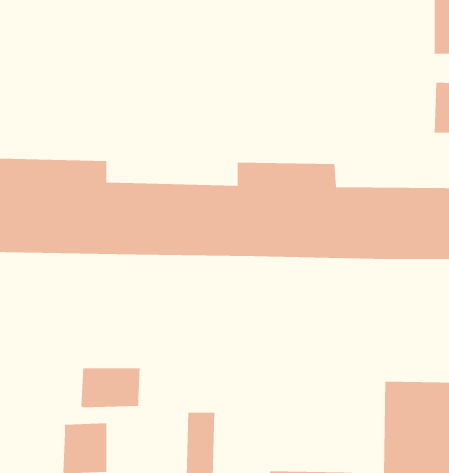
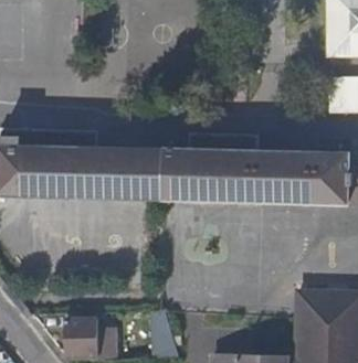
building: [81,368,140,408] -> none

